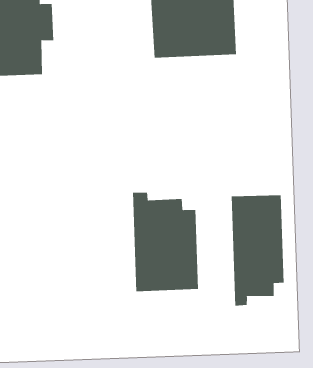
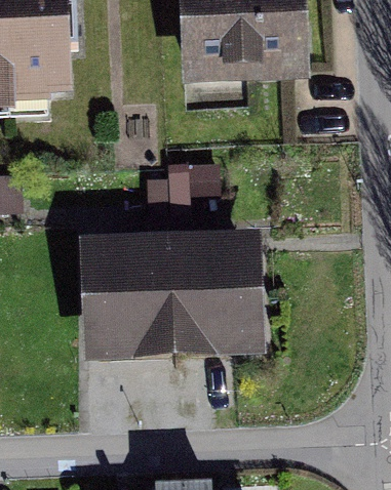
building: none -> [90,235,169,356]
building: [231,194,284,307] -> none

